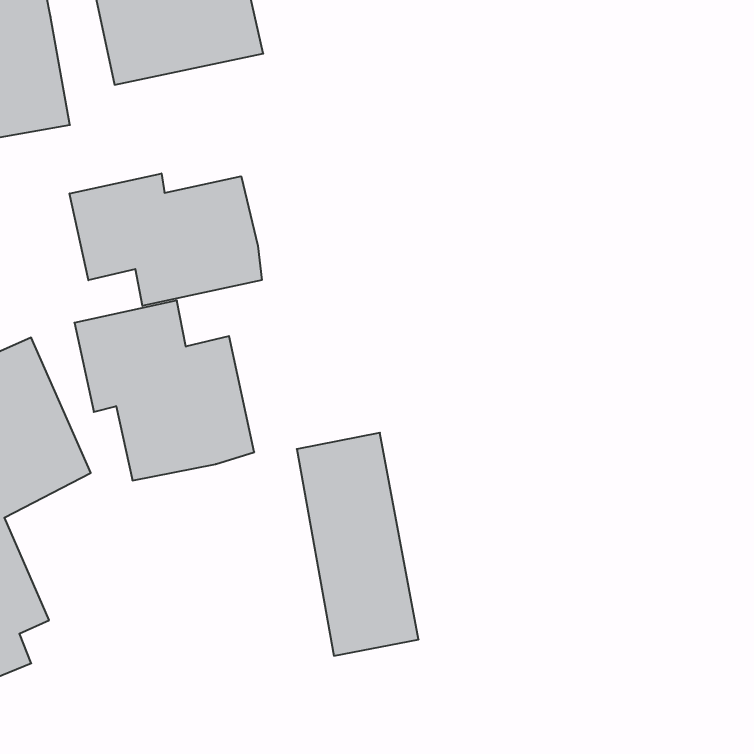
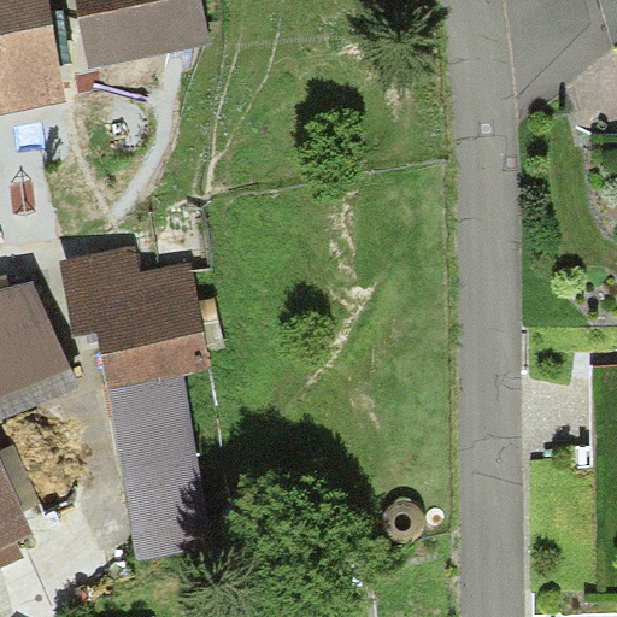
building: [70,173,262,306] -> none
building: [297,433,419,656] -> [107,376,206,557]

